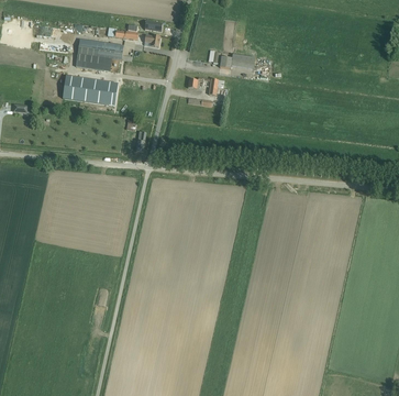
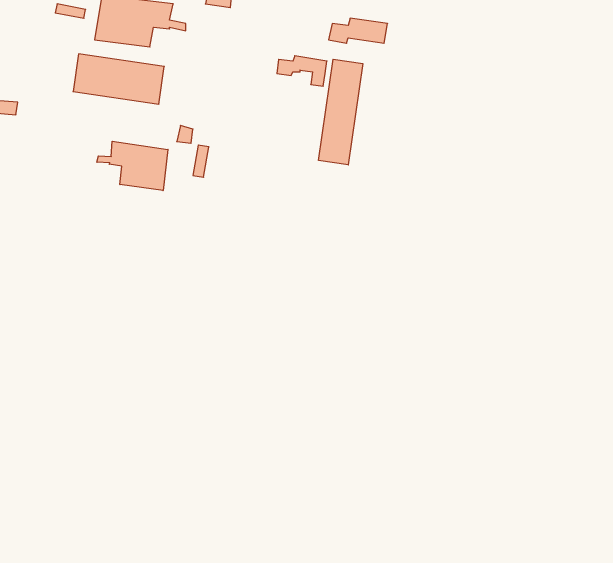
building: none -> [319,59,363,165]
building: none -> [97,141,168,191]

